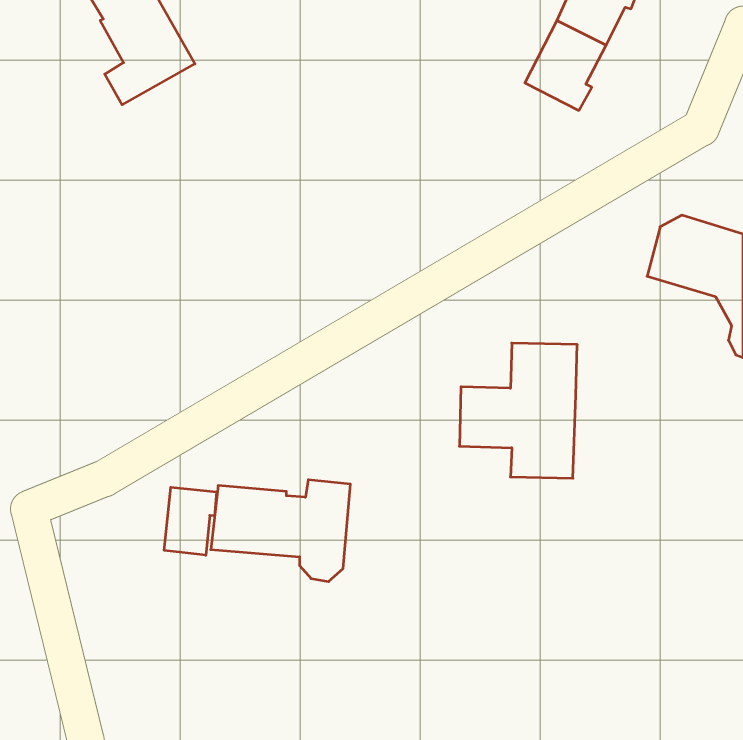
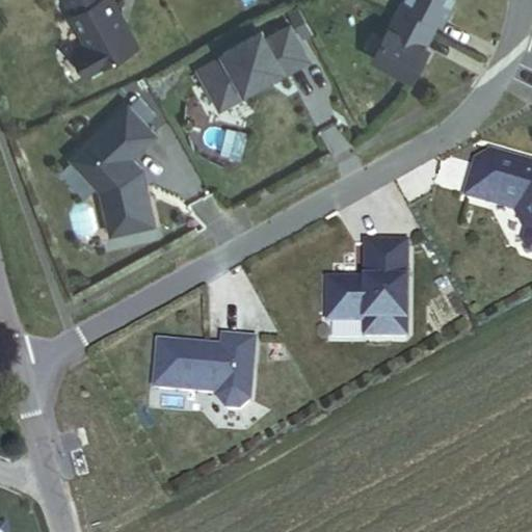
building: none -> [197,23,313,107]
building: none -> [73,105,156,233]
building: [164,487,216,555] -> none

